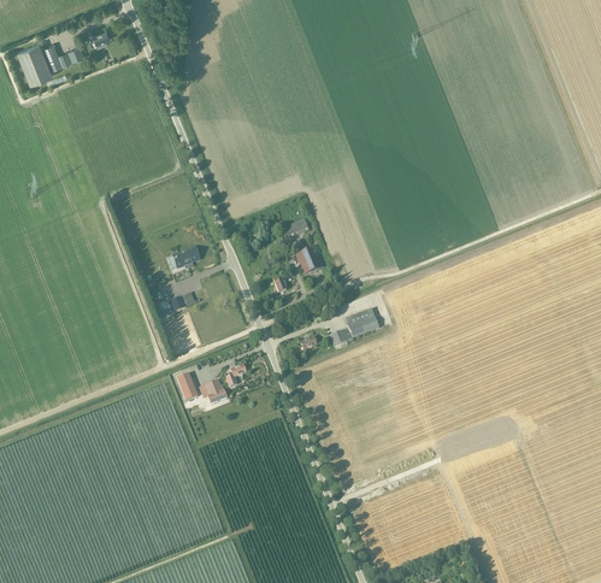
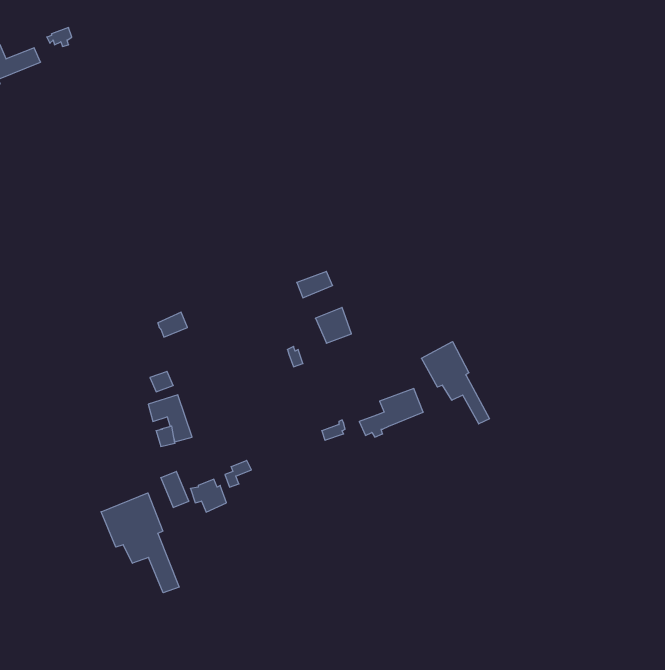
building: none -> [421,342,489,424]
building: none -> [101,493,179,593]

